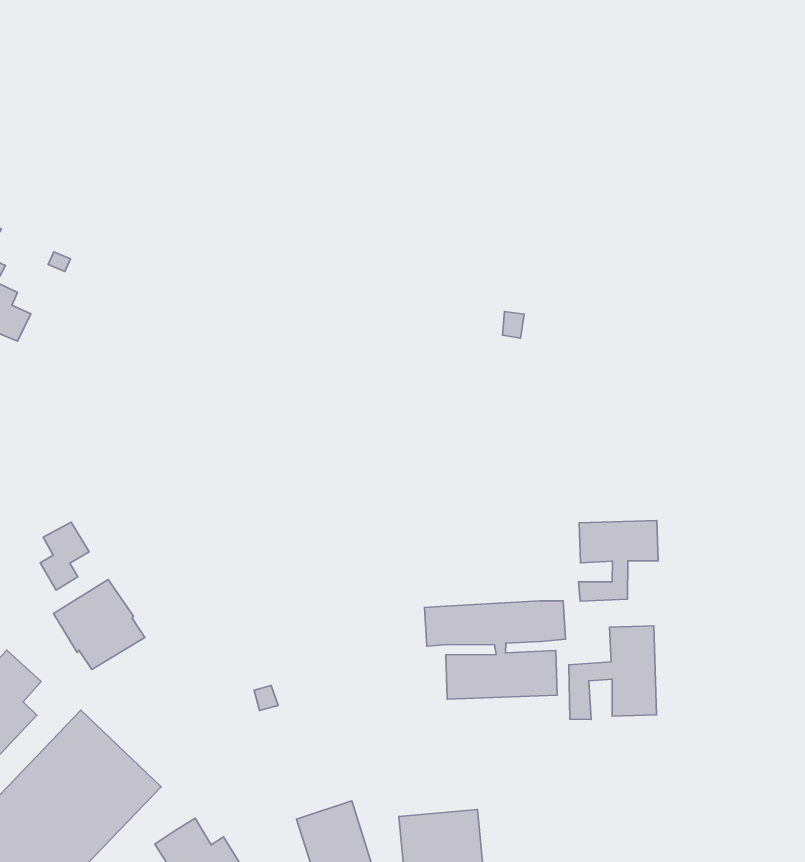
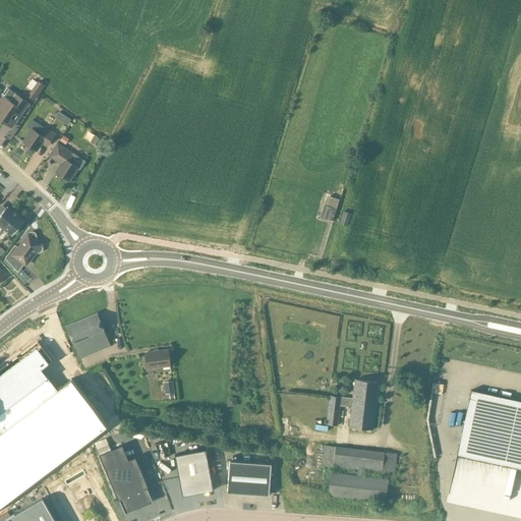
building: [579,521,658,601] -> none
building: [40,522,89,590] -> none
building: [425,601,566,699] -> [322,447,397,504]
building: none -> [144,351,170,369]

